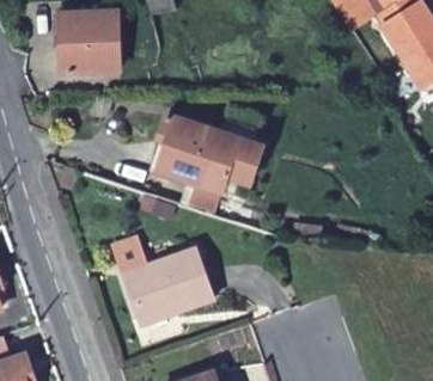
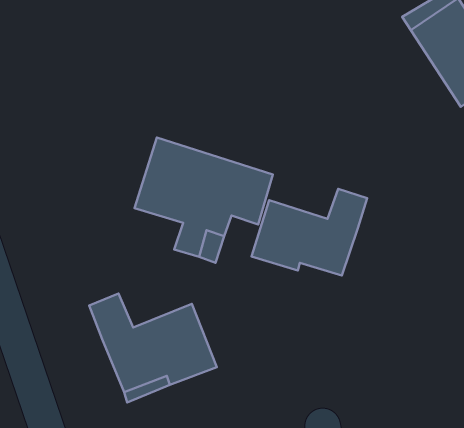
building: [65,17,123,72] -> none
building: none -> [251,189,367,275]

